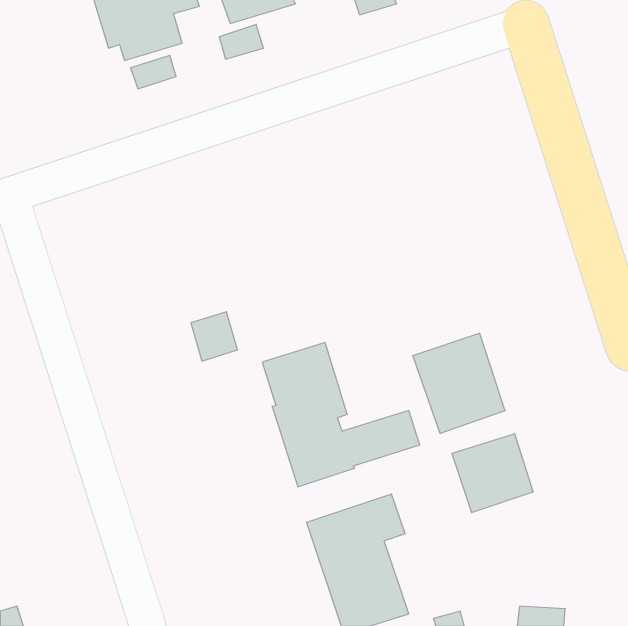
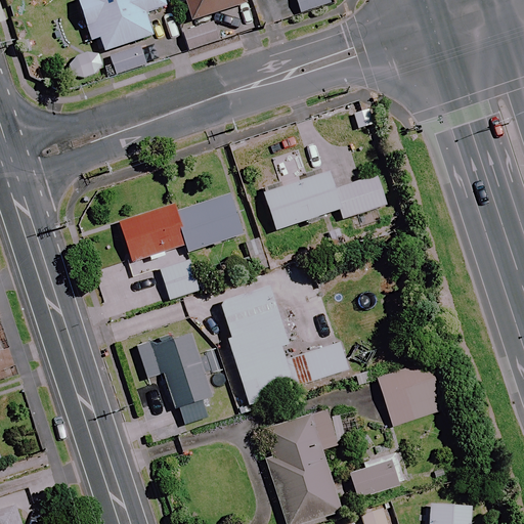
building: none -> [263,170,387,230]
building: none -> [119,194,243,262]
building: [413,333,505,434] -> none
building: none -> [150,329,213,425]
building: none -> [350,461,397,497]

